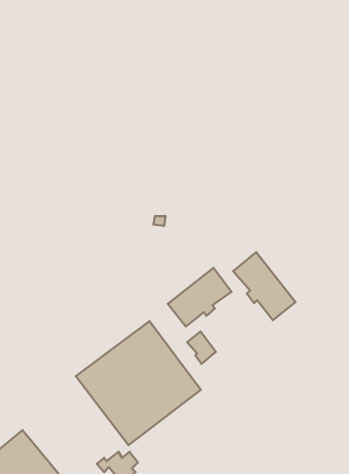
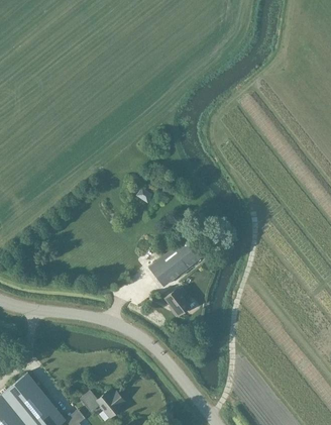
building: [233,252,296,320] -> none
building: [76,321,201,445] -> none

